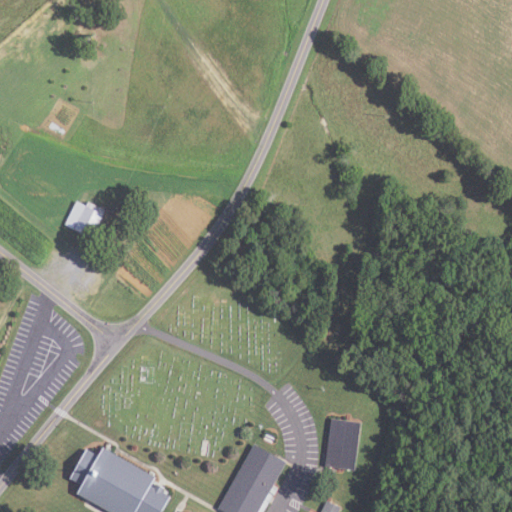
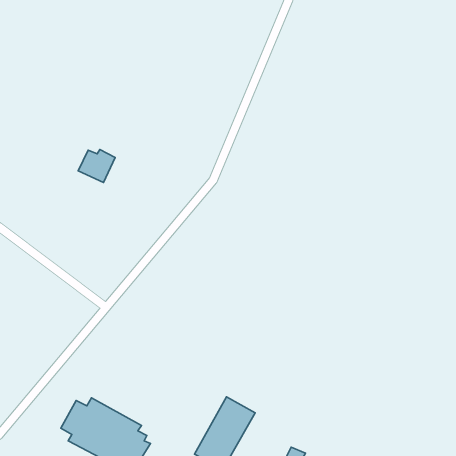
building: [63,203,104,240] -> [78,149,115,183]
building: [323,420,360,470] -> none

